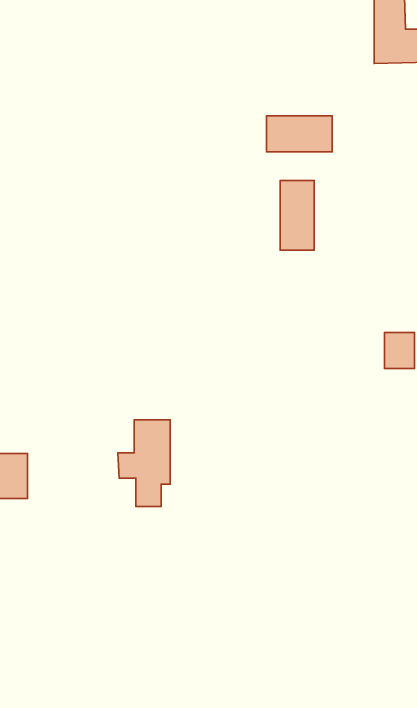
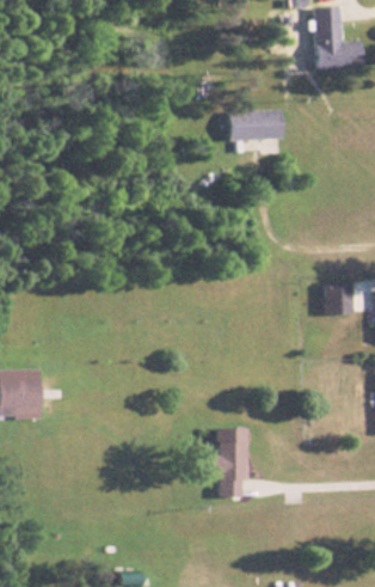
building: [280,180,314,250] -> none
building: [118,420,170,507] -> [205,428,247,497]

